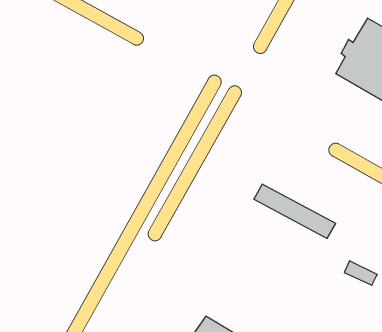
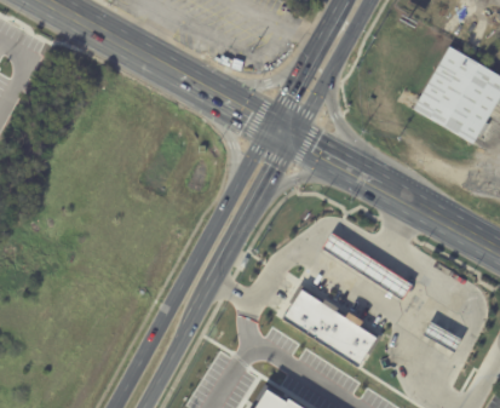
building: none -> [282,286,374,362]

